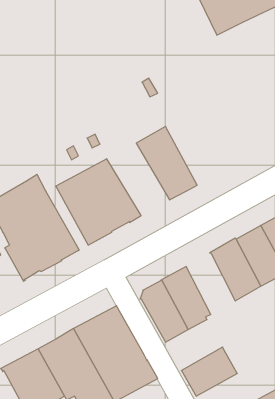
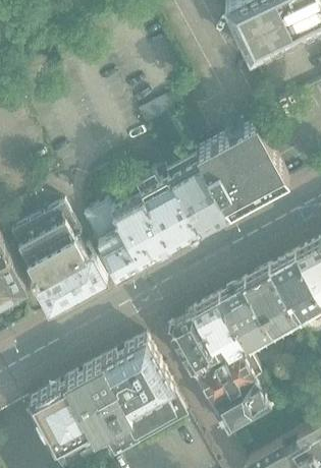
building: none -> [196,126,288,219]
building: none -> [135,175,200,250]
building: none -> [216,289,268,353]
building: none -> [196,358,255,411]

